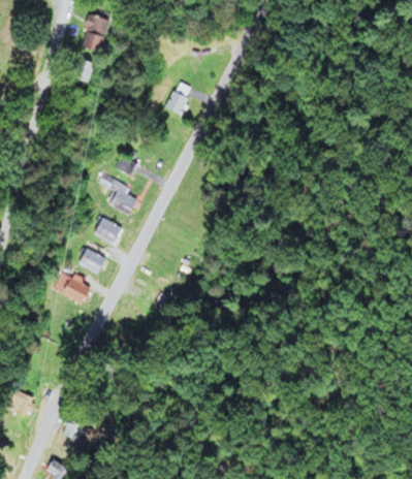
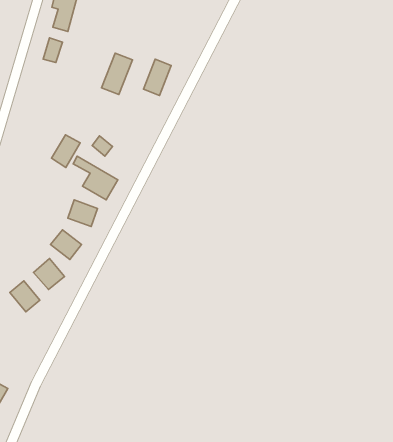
building: none -> [102,53,133,95]
building: none -> [51,135,80,167]
building: none -> [10,281,40,312]

